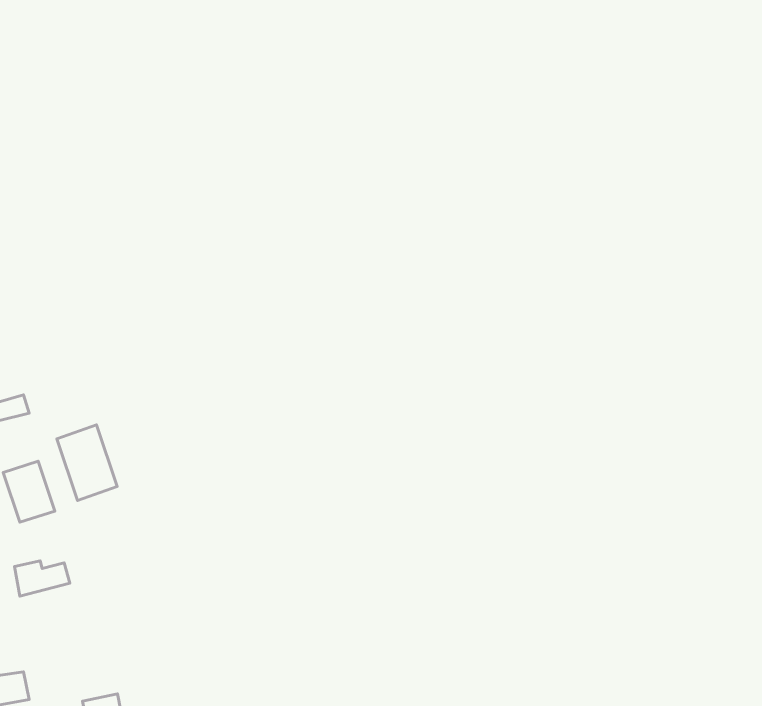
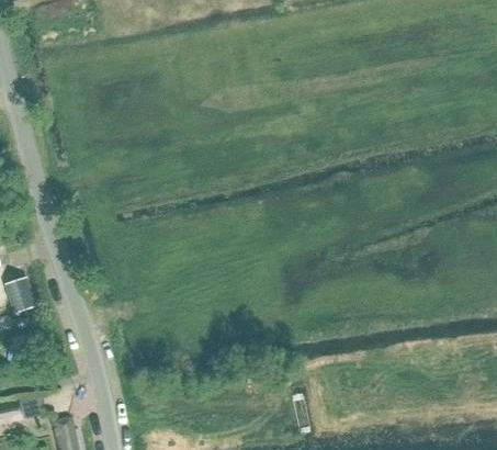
building: [57,425,117,501] -> none

